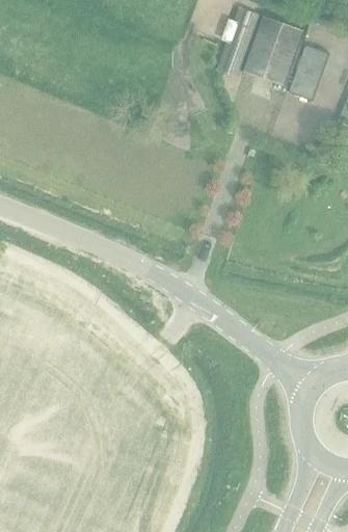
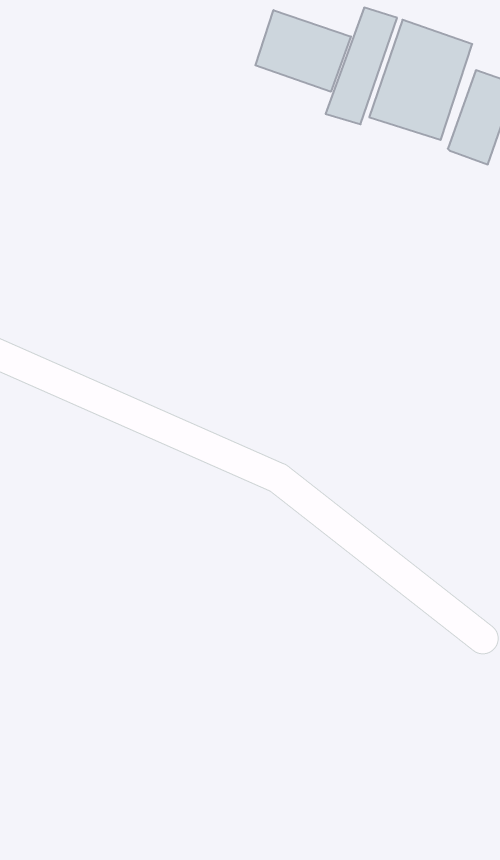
building: none -> [255,10,351,92]

